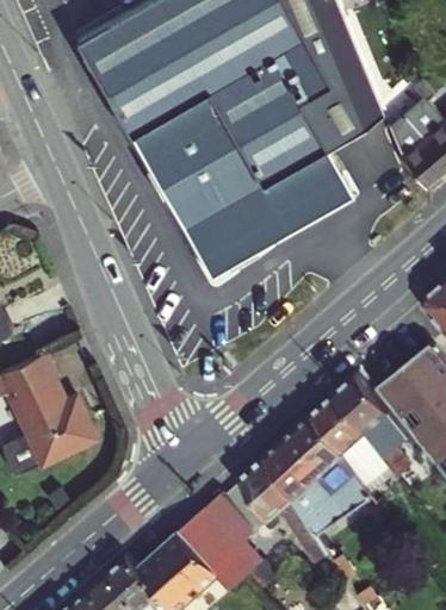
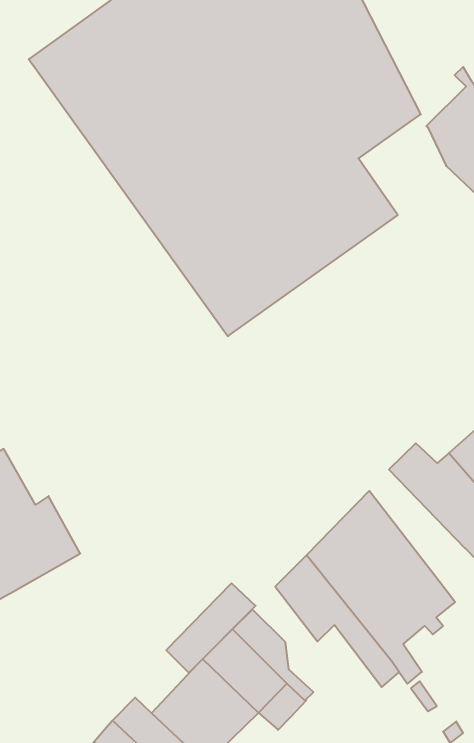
building: [318,391,391,478] -> none
building: none -> [166,583,256,673]

